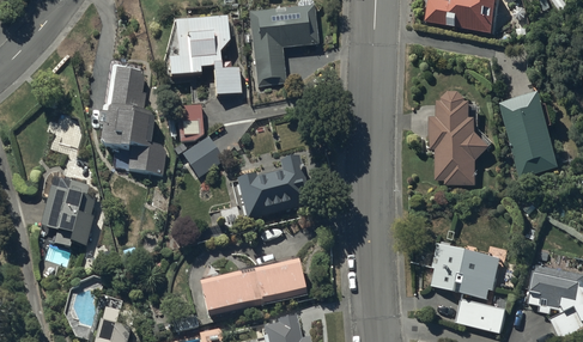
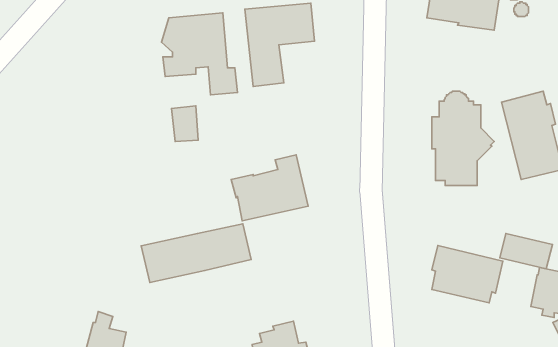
building: [97,61,165,172] -> none
building: [181,135,224,177] -> none
building: [41,179,95,246] -> none
building: [199,259,306,317] -> [141,224,251,283]
building: [454,297,505,331] -> [500,233,552,269]

